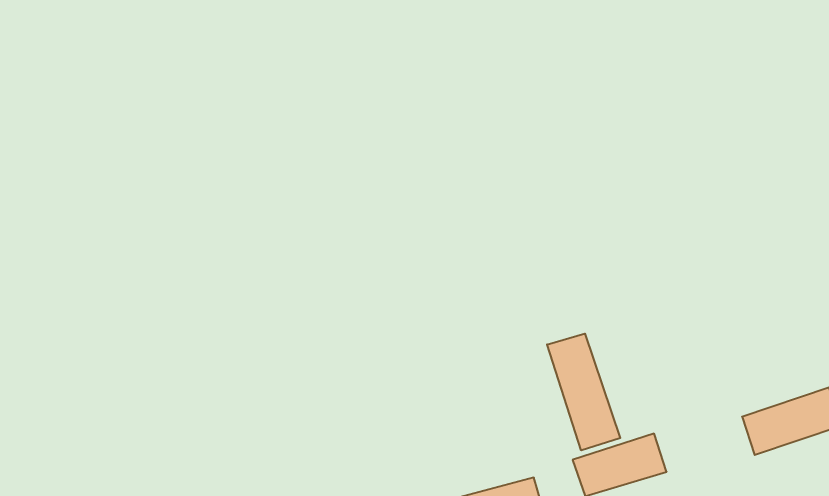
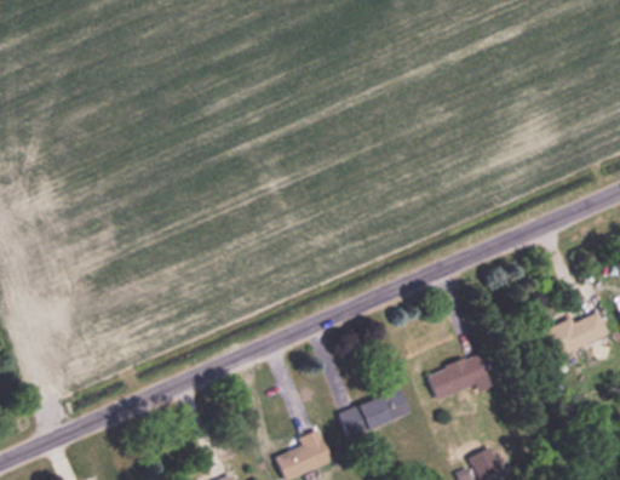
building: [547,334,620,450] -> none

